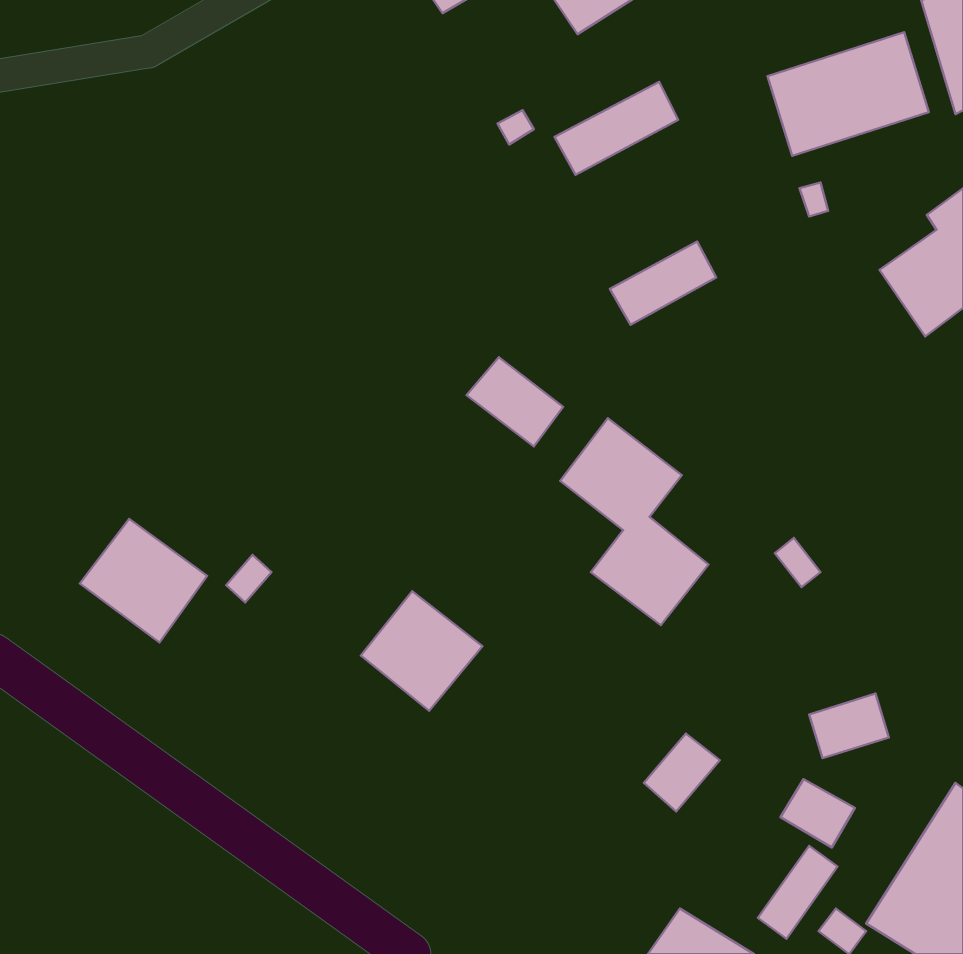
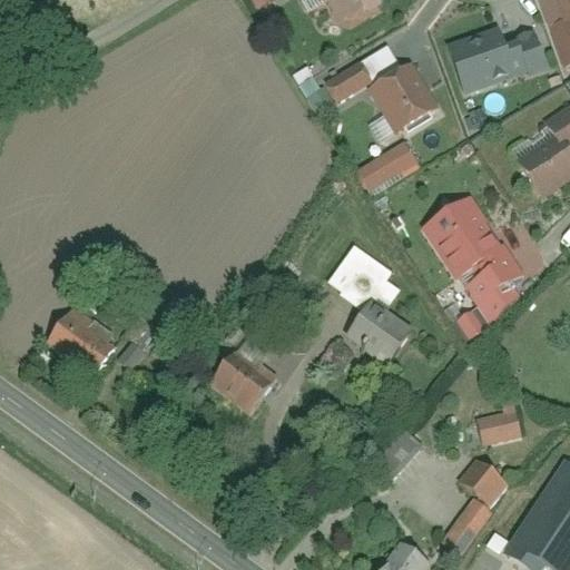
building: none -> [372,66,439,135]
building: none -> [424,200,533,325]
building: [467,357,563,447] -> none

